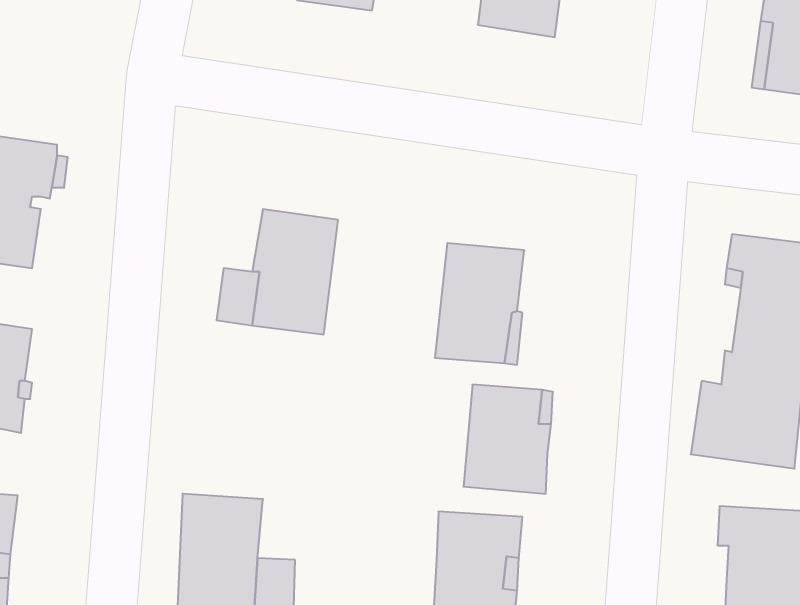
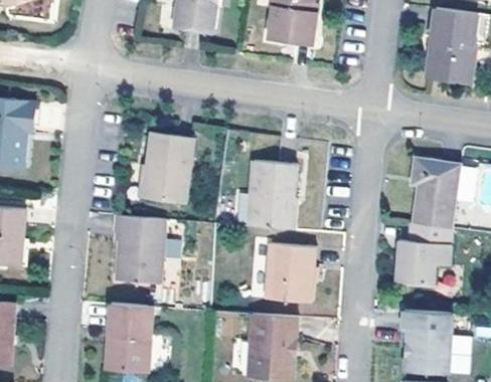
building: none -> [113,215,166,284]

